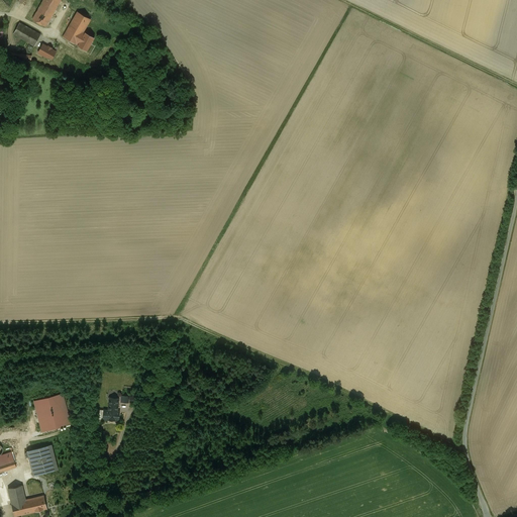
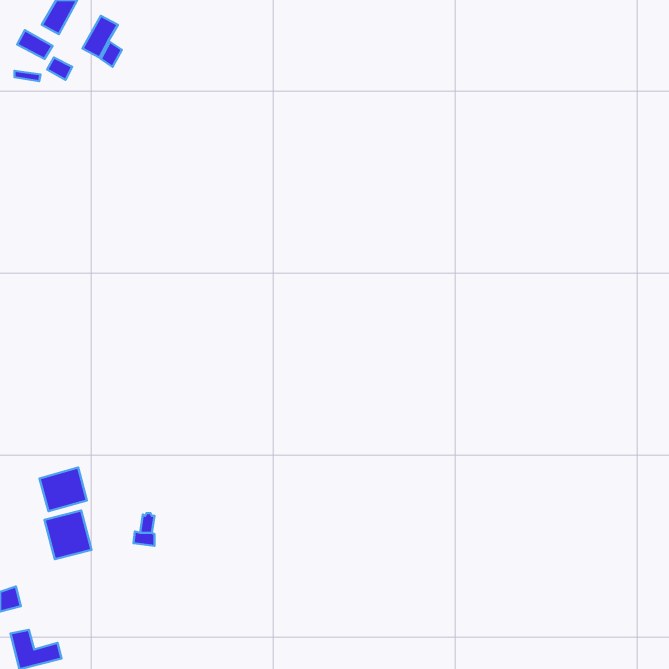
building: none -> [40,468,87,511]
building: [27,444,58,476] -> none

